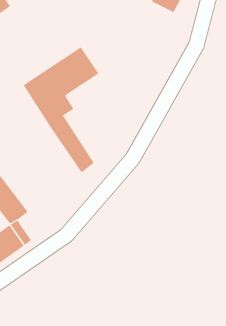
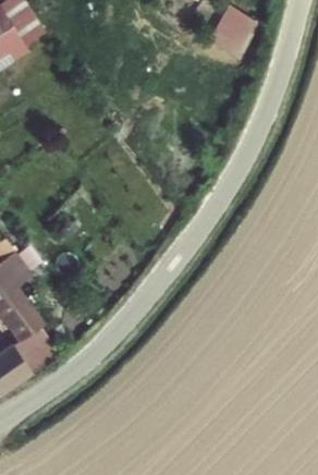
building: [23,47,99,173] -> none

